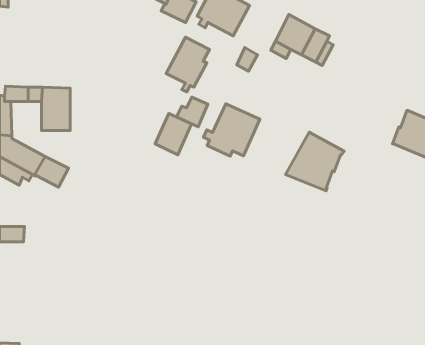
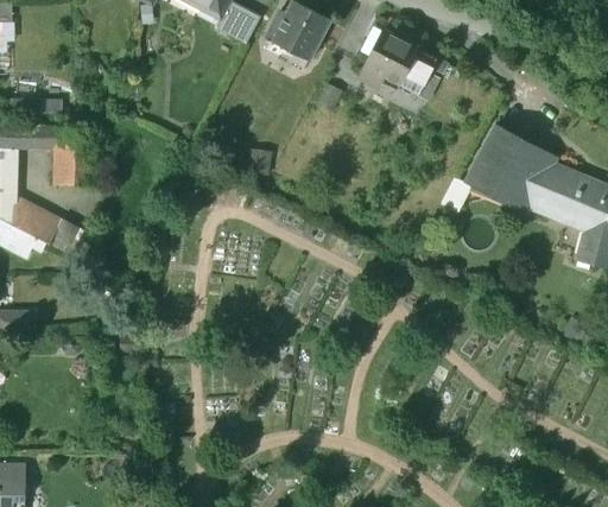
building: [166,37,209,92] -> none
building: [204,104,260,156] -> none
building: [155,113,191,155] -> none
building: [286,132,344,191] -> [466,129,543,207]

